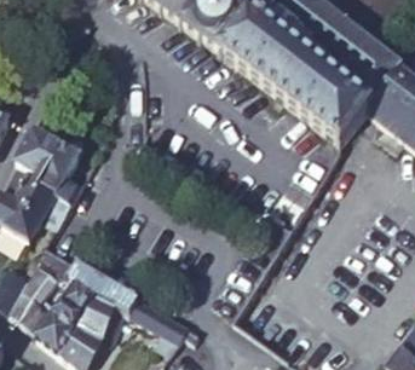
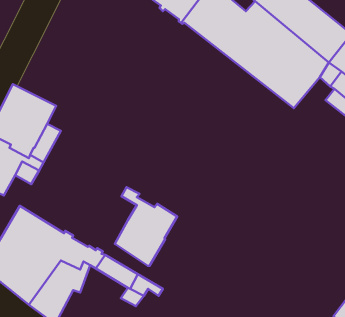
building: none -> [115,187,177,266]

